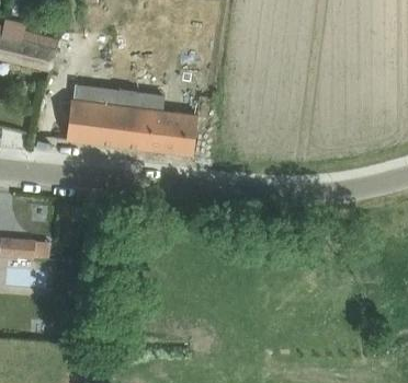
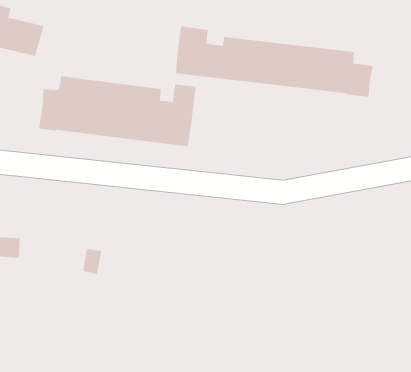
building: none -> [175,26,374,98]

